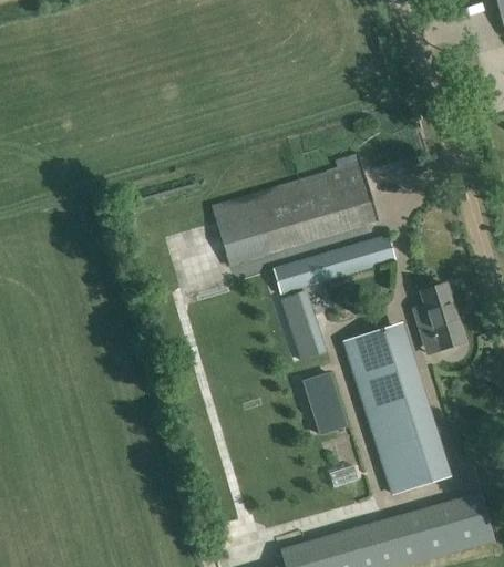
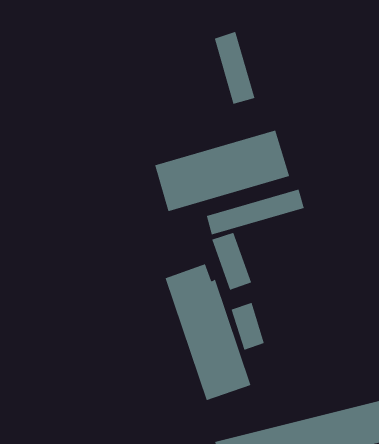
building: none -> [214,31,255,105]
building: [414,285,462,349] -> none
building: [346,328,452,496] -> [165,263,252,401]

